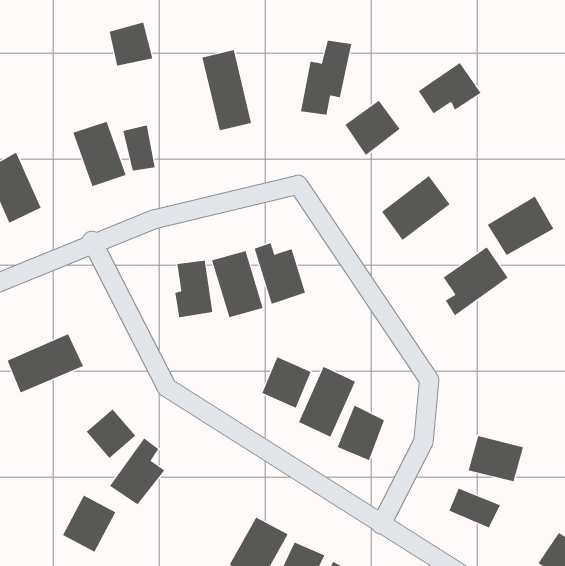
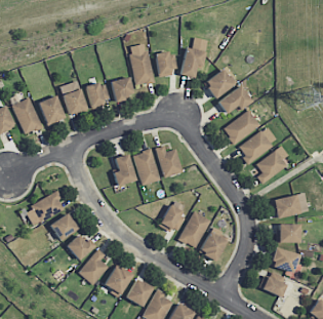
building: [109,22,153,66] -> [111,76,134,99]
building: [418,62,482,114] -> [218,85,252,113]
building: none -> [155,51,177,76]
building: none -> [40,95,65,124]
building: [487,196,554,256] -> [238,130,274,162]
building: none -> [272,191,310,218]
building: none -> [49,212,78,240]
building: none -> [278,224,300,242]
building: [62,495,116,553] -> [104,265,132,295]
building: none -> [127,279,152,306]

